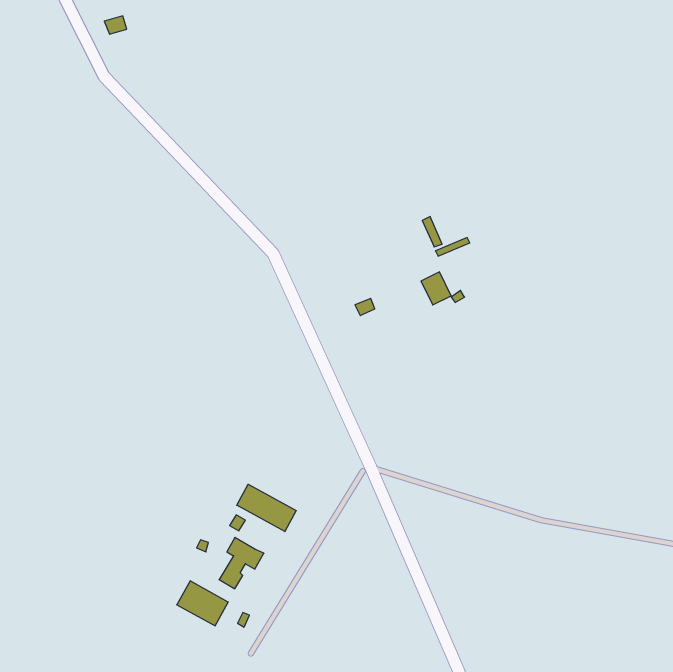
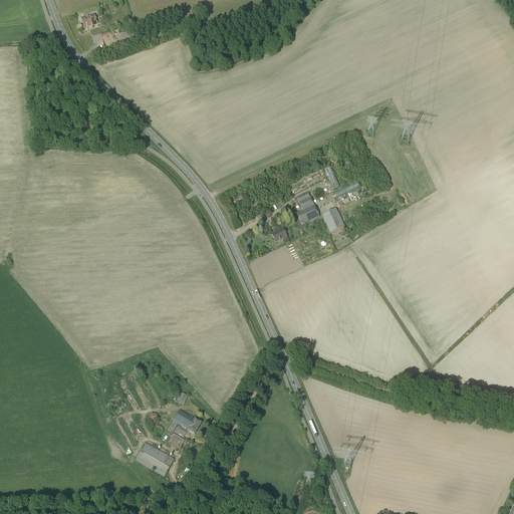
building: none -> [295,191,318,223]
building: [237,484,296,532] -> none

